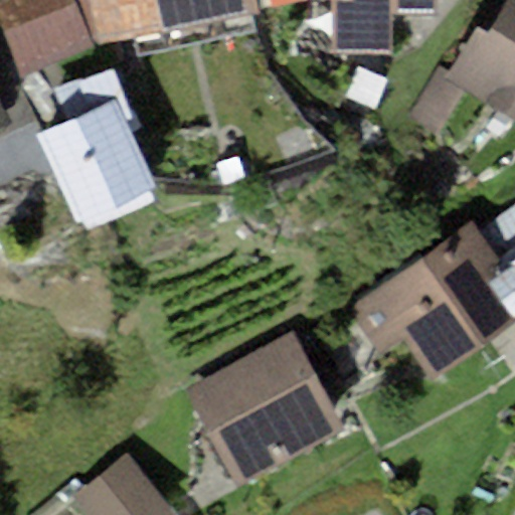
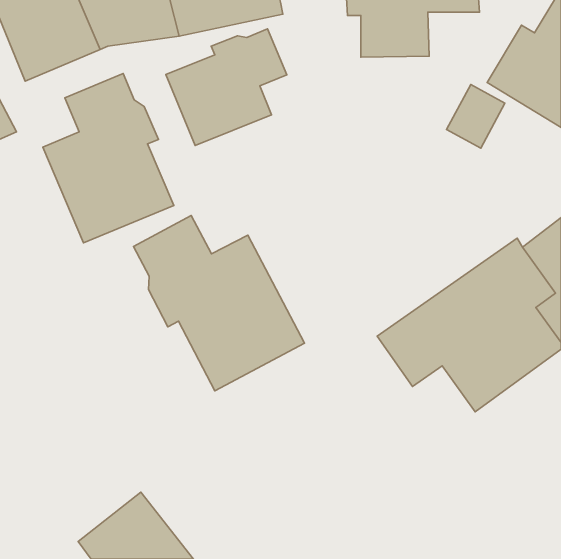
building: none -> [166,29,287,145]
building: none -> [133,216,304,391]
building: [186,331,346,484] -> none

